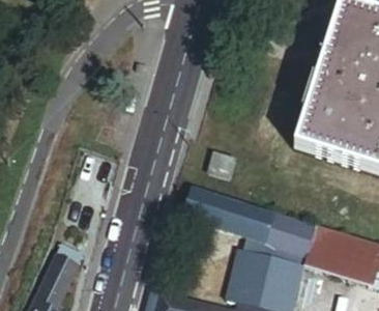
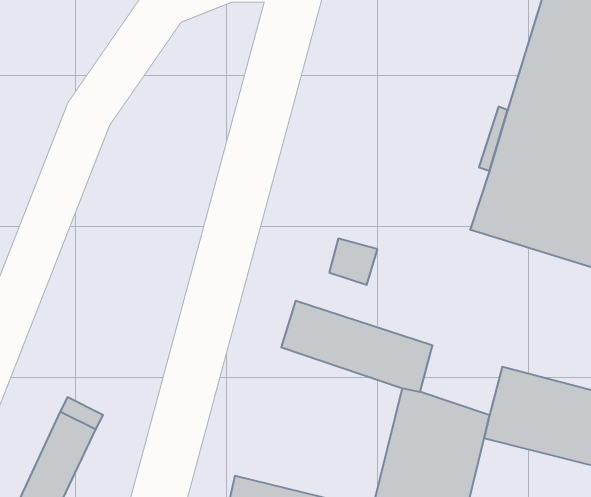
building: [265,215,313,255] -> none

